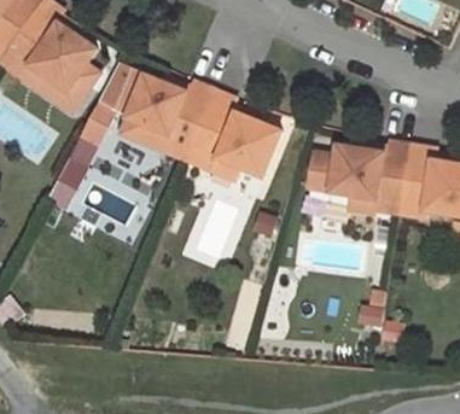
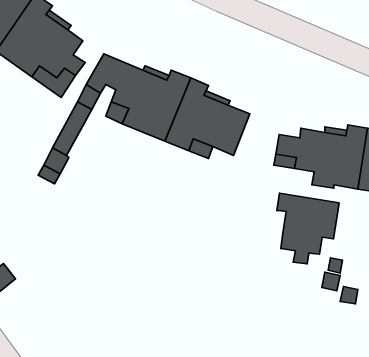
building: none -> [277,193,339,264]

